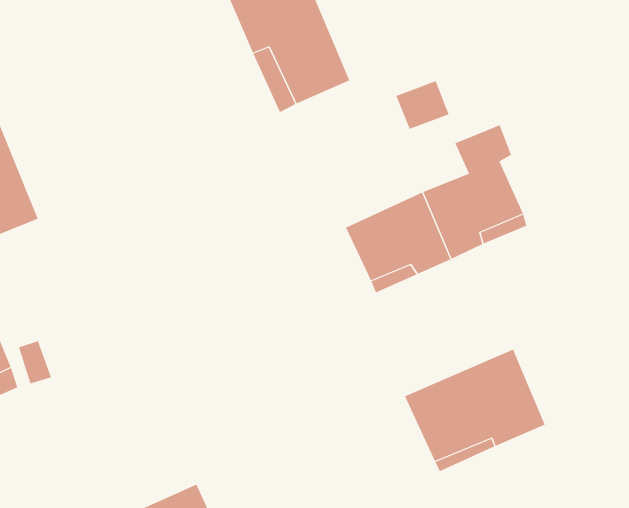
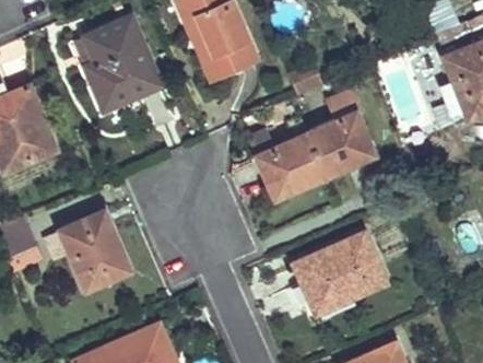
building: none -> [84,15,162,109]
building: none -> [59,211,129,289]

